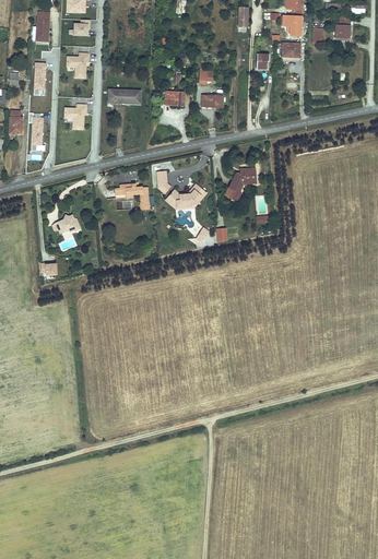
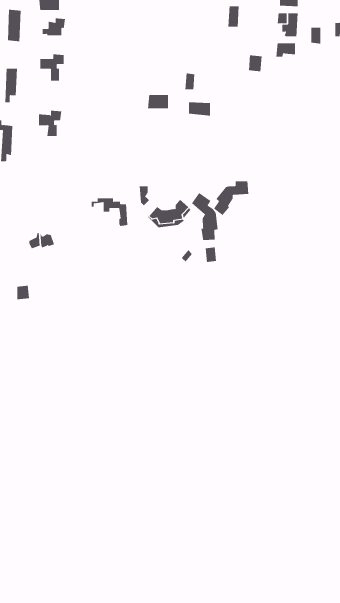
building: [108,88,142,105] -> none
building: none -> [191,192,218,241]

